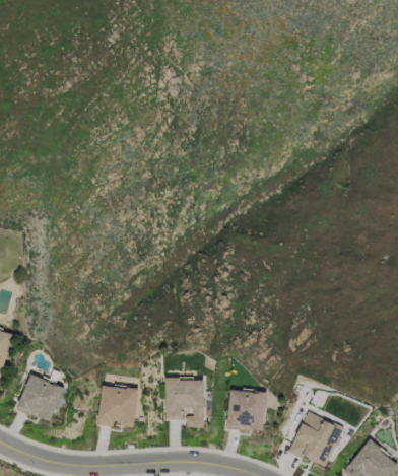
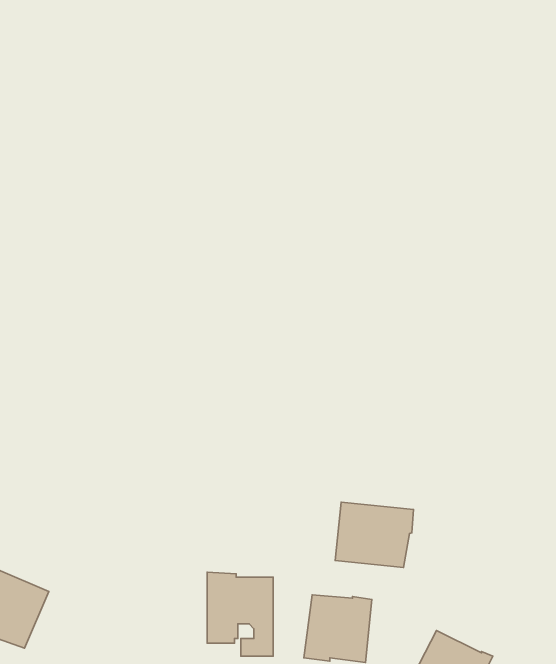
building: none -> [335,502,414,568]
building: [95,384,141,427] -> none

